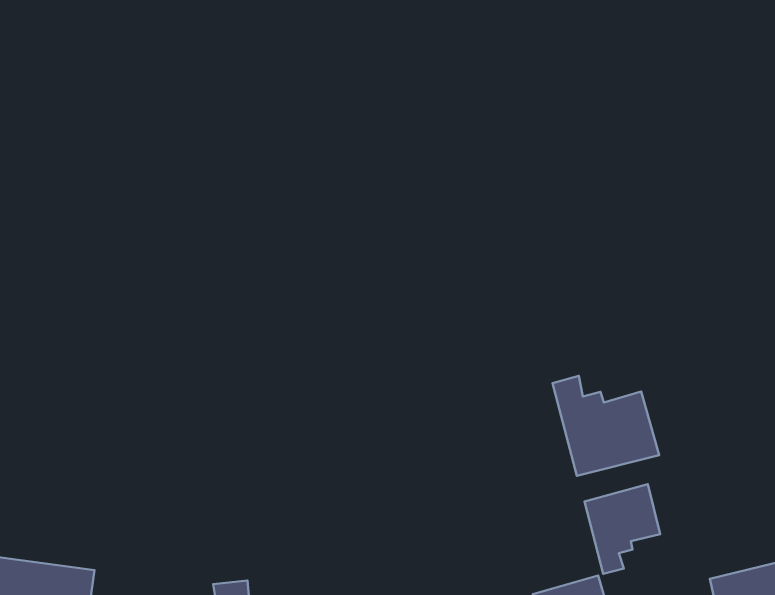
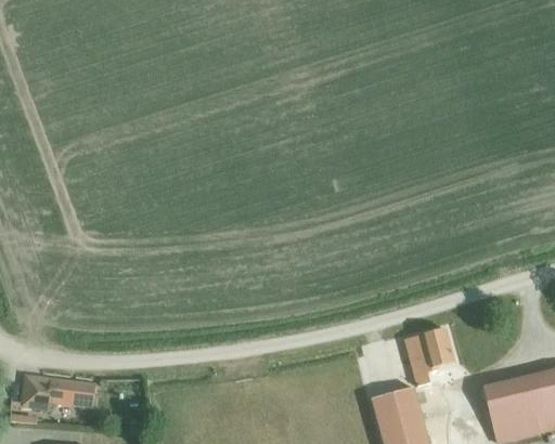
building: [552,376,659,476] -> none

